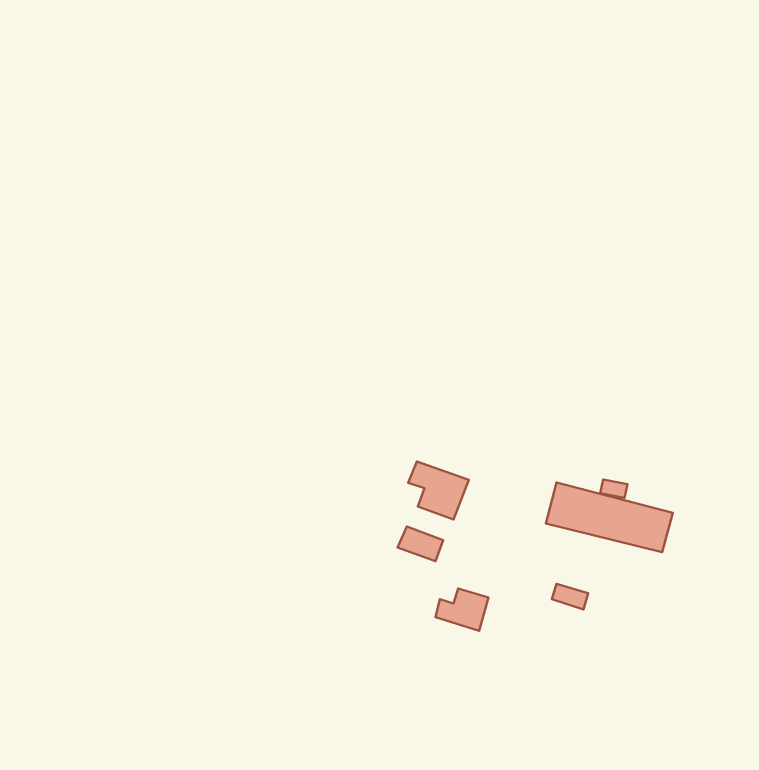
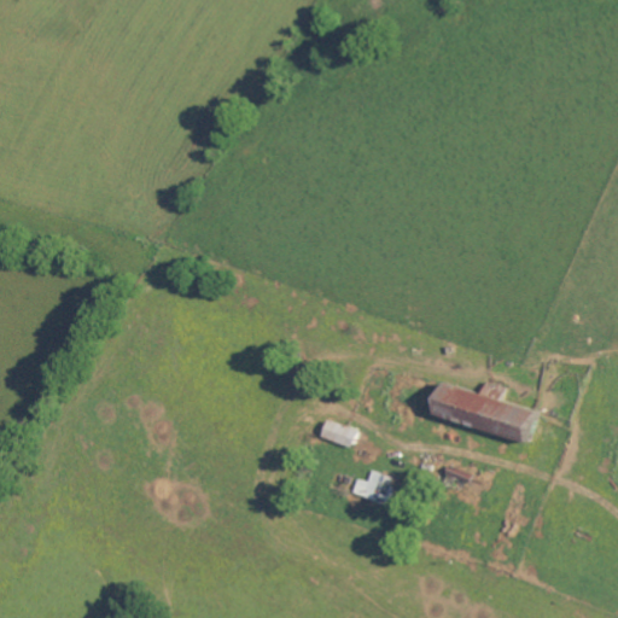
building: [408,462,469,519] -> none

